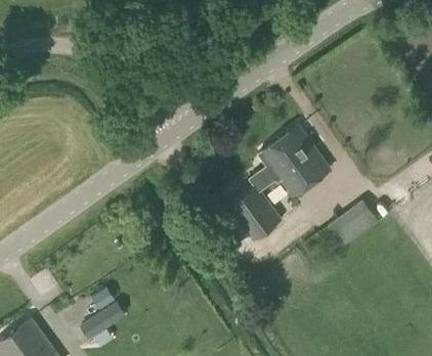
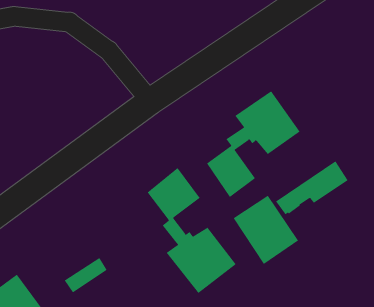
building: none -> [147,167,237,294]
building: none -> [233,195,299,265]

